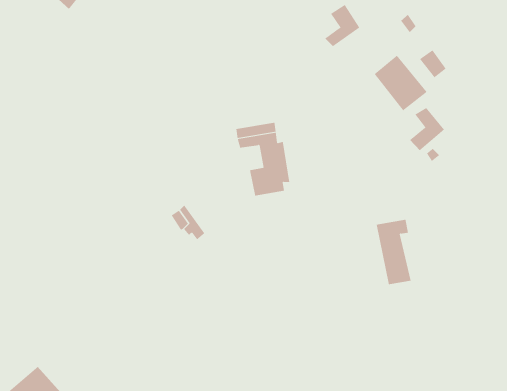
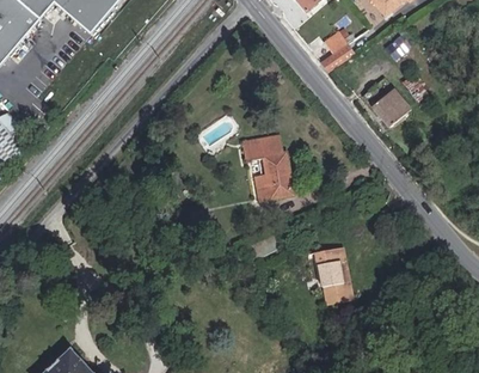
building: [409,107,445,151] -> none
building: [376,219,412,285] -> [314,247,345,305]

